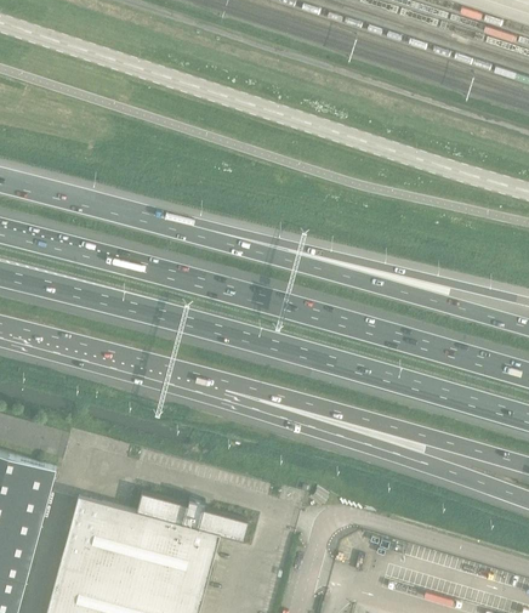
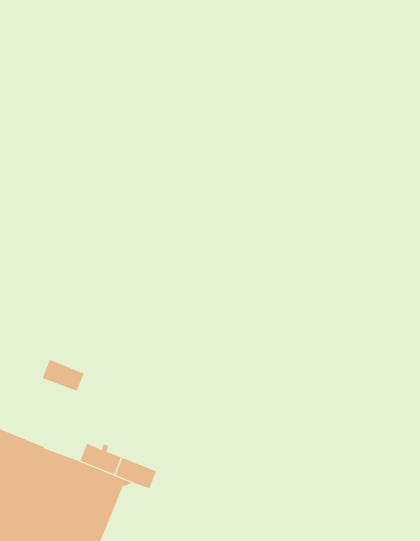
building: [136,495,176,523] -> [42,359,84,392]

